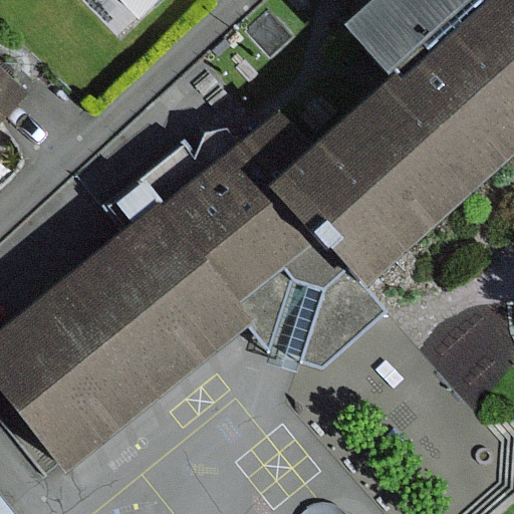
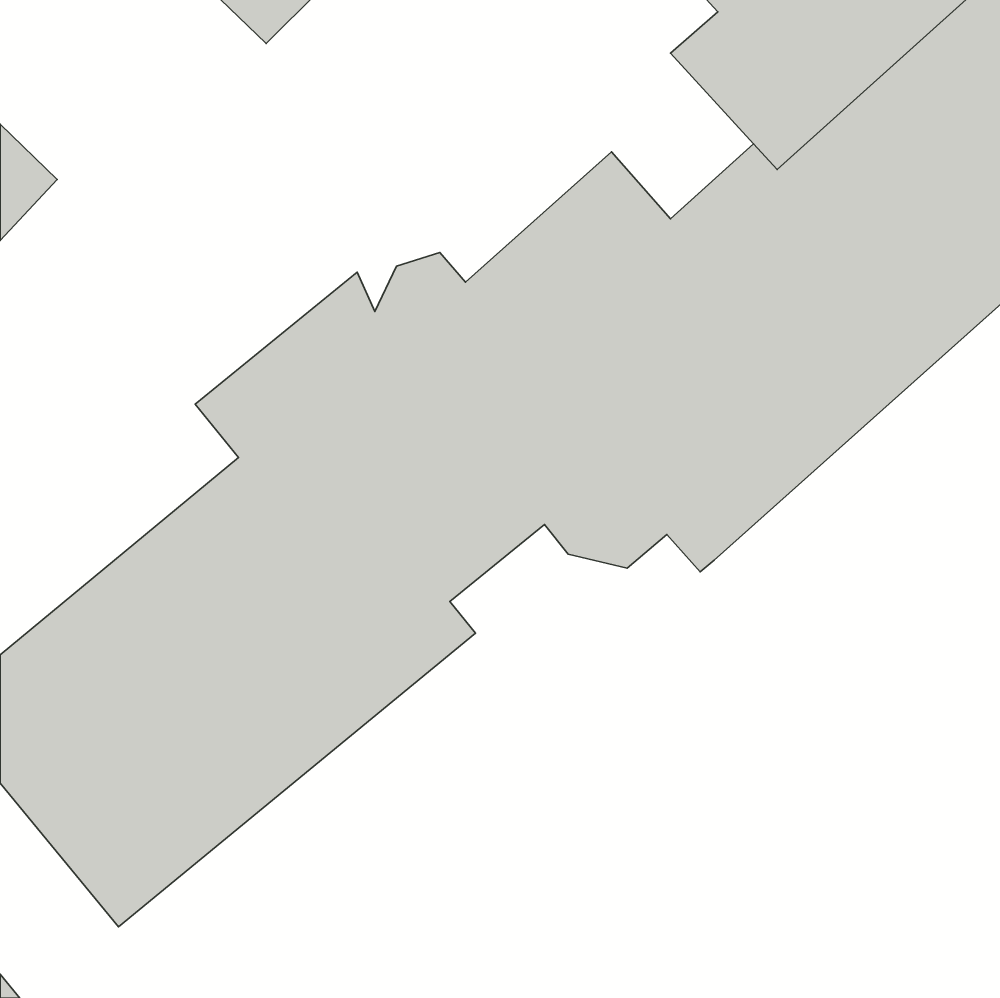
building: [233,267,388,368] -> none

